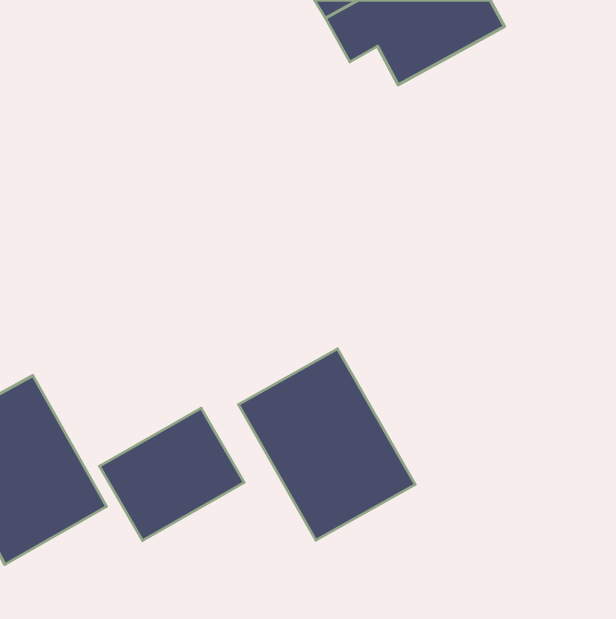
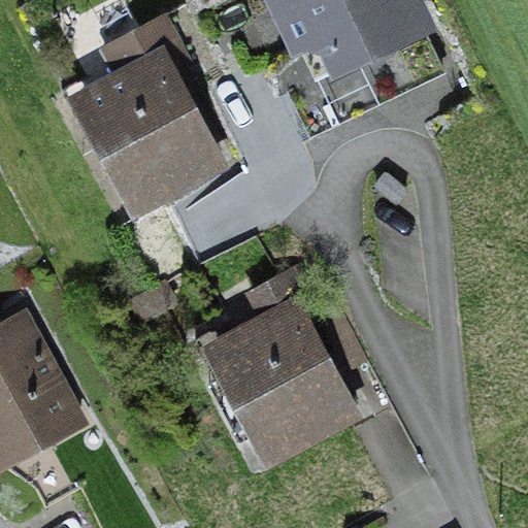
building: none -> [75,19,225,216]
building: [99,408,244,541] -> none

